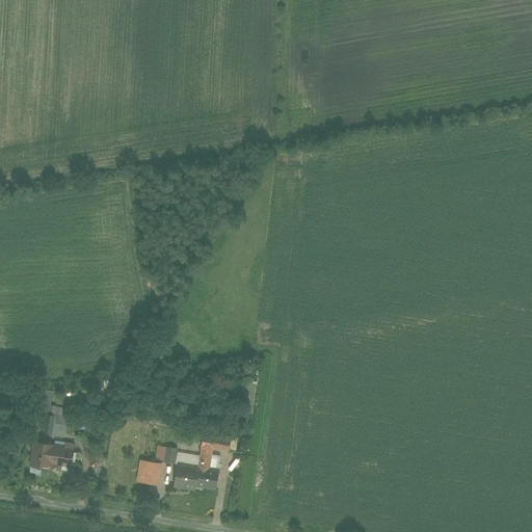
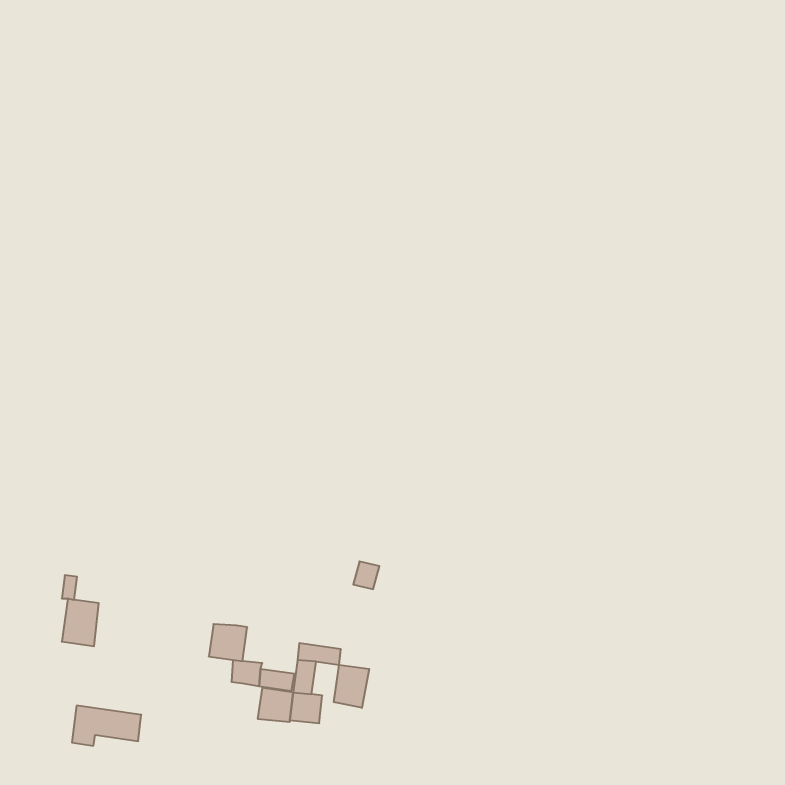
building: [28,442,75,469] -> [72,706,141,746]
building: none -> [334,665,369,708]
building: [137,460,163,485] -> [209,624,247,661]

